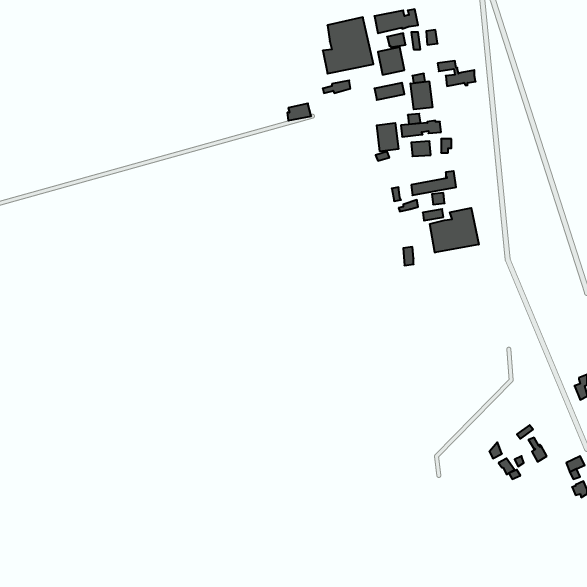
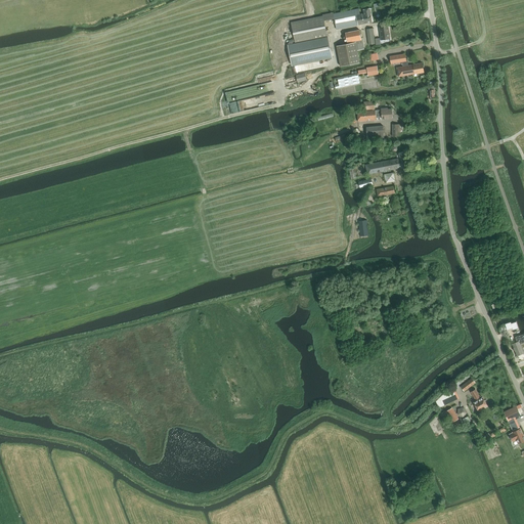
building: [410,81,432,109] -> none
building: [377,123,398,151] -> none
building: [430,208,479,253] -> none

